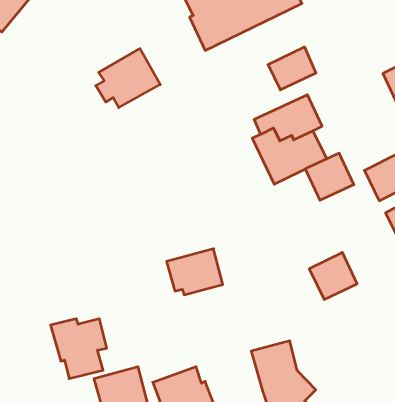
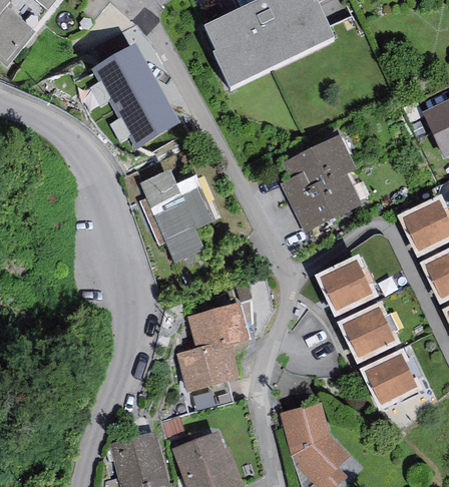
building: none -> [88,43,157,110]
building: [268,47,316,90] -> none
building: none -> [139,169,219,264]
building: [305,153,354,200] -> [320,259,373,310]
building: none -> [364,353,417,404]
building: [51,319,107,379] -> [175,346,237,411]

